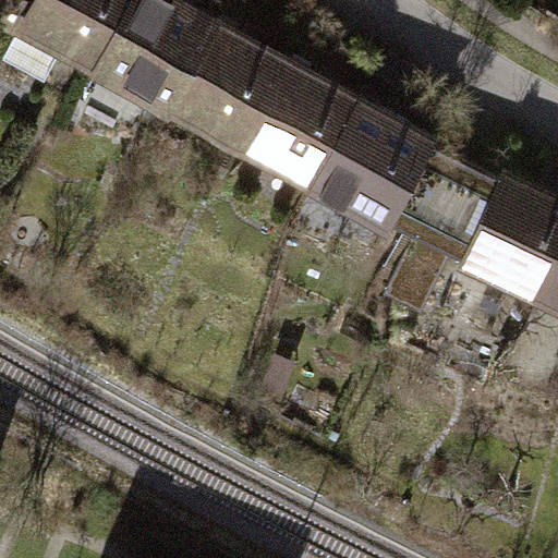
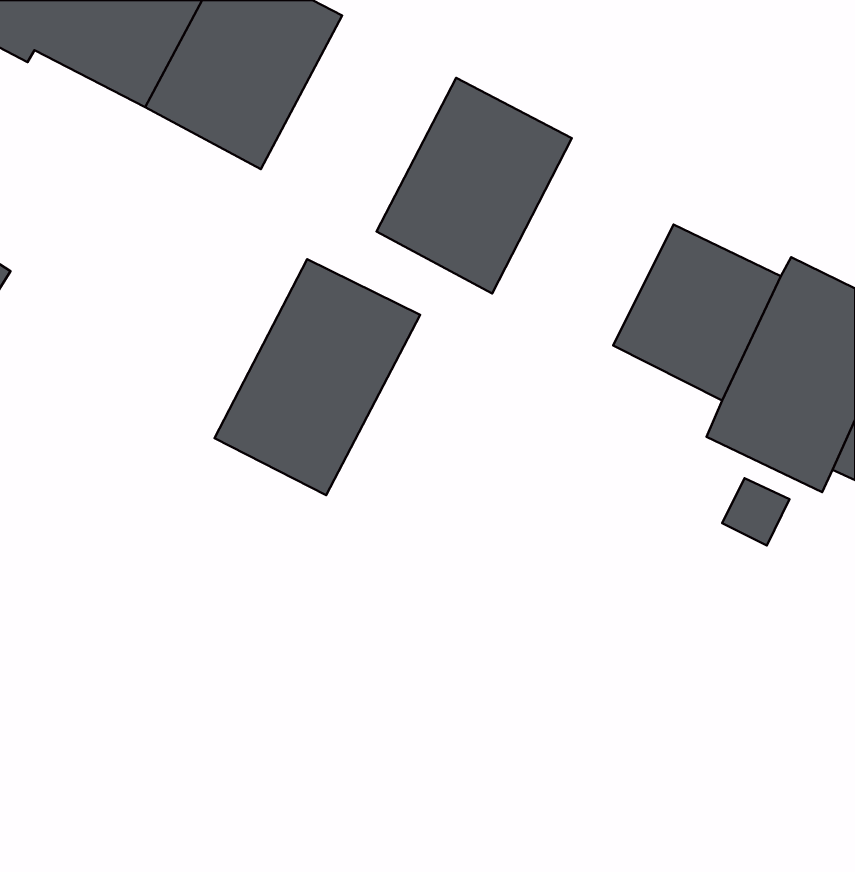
building: [165,16,288,153] -> none
building: [311,94,434,232] -> none
building: none -> [215,259,420,495]

